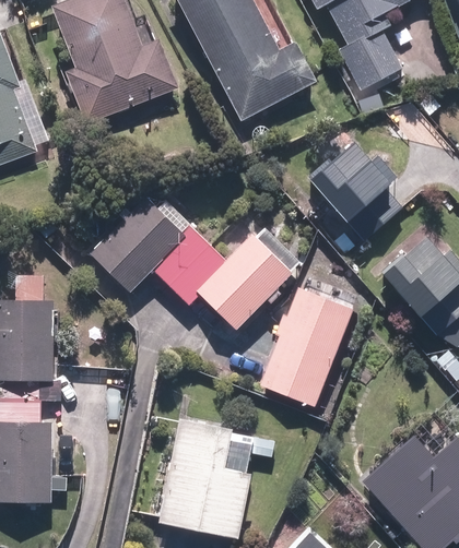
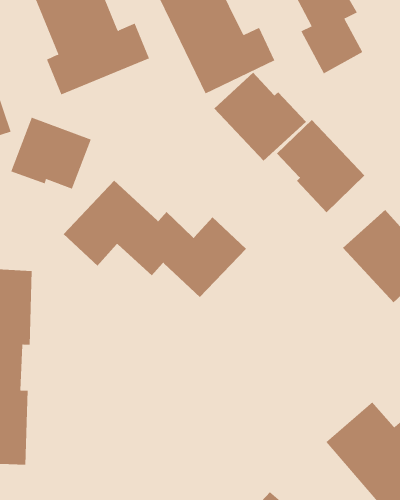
building: none -> [213,72,307,161]
building: none -> [10,117,91,190]
building: [258,288,349,408] -> none
building: [165,413,252,533] -> none

